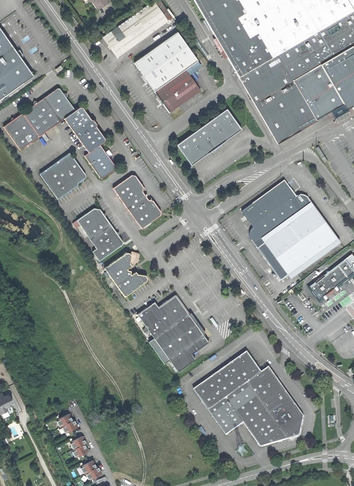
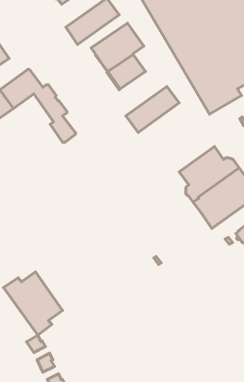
building: [40,152,85,198] -> none
building: [112,175,160,229] -> none
building: [76,208,122,261] -> none
building: [104,253,147,297] -> none
building: [136,295,208,372] -> [4,272,63,335]
building: [193,352,304,447] -> none

